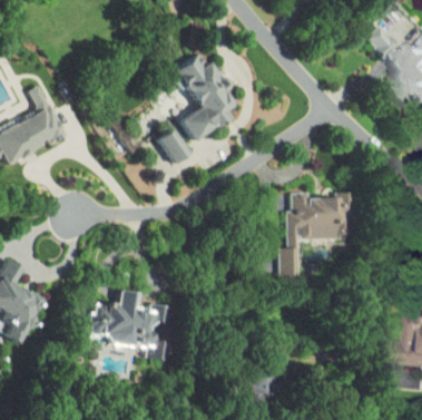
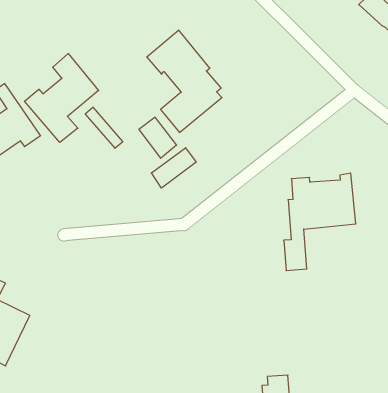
building: none -> [25,54,99,142]
building: none -> [151,148,196,188]
building: [90,291,167,361] -> none

